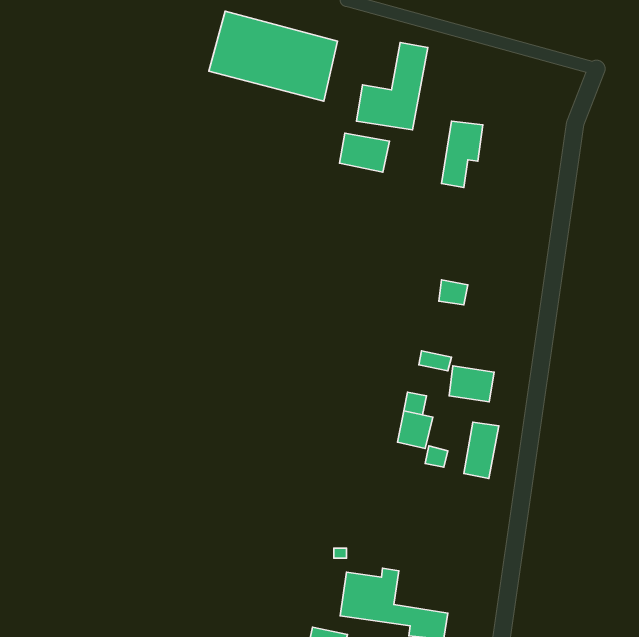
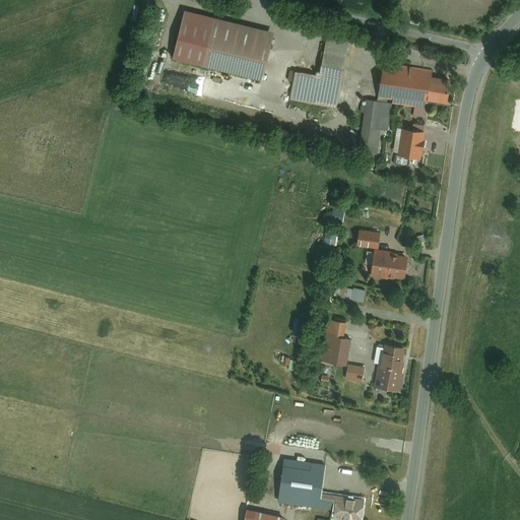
building: none -> [380,63,449,106]
building: [339,133,389,172] -> none
building: none -> [398,127,424,158]
building: [449,366,494,402] -> [371,251,407,280]

